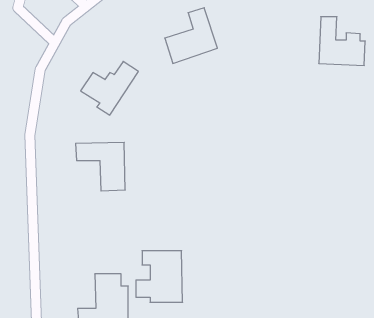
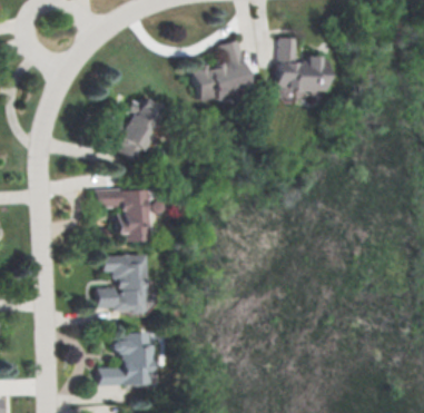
building: [319,17,365,65] -> [277,38,328,91]
building: [136,251,183,302] -> [97,256,148,313]

